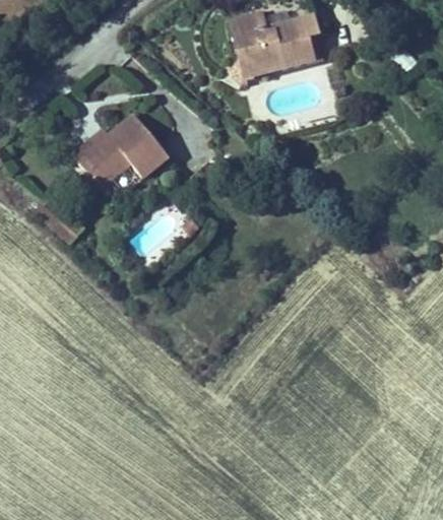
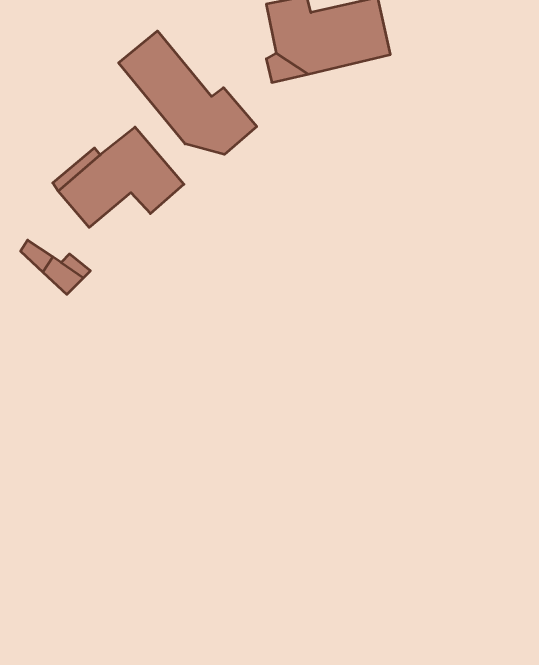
building: none -> [119,31,257,154]

